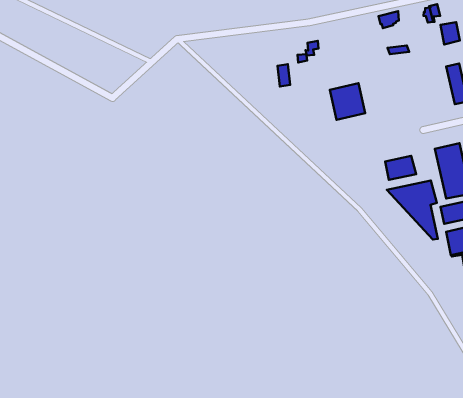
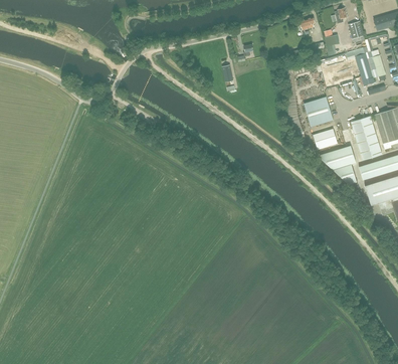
building: none -> [325,58,361,82]
building: [330,83,365,120] -> [304,96,333,126]

